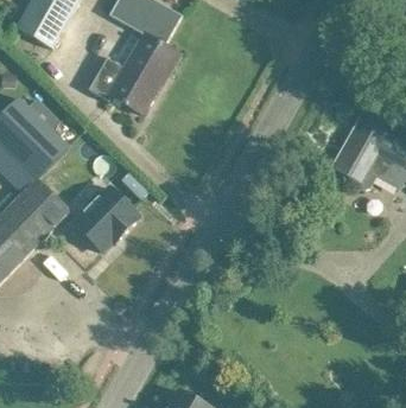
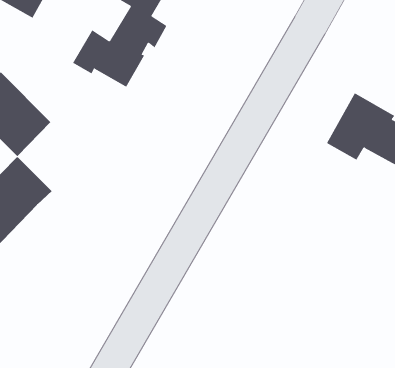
building: [74,187,139,253] -> none

